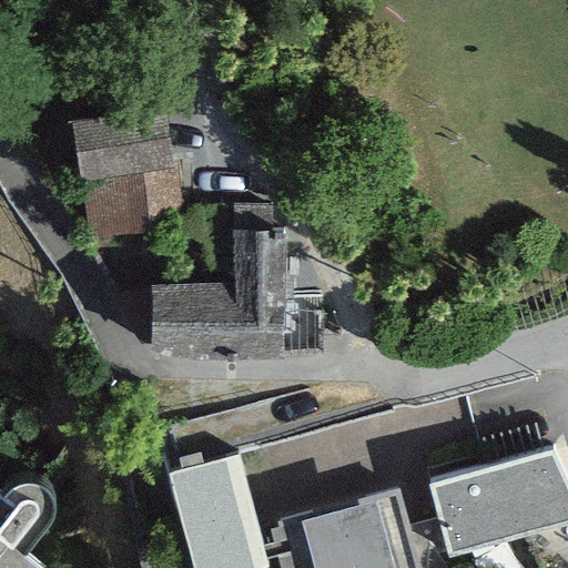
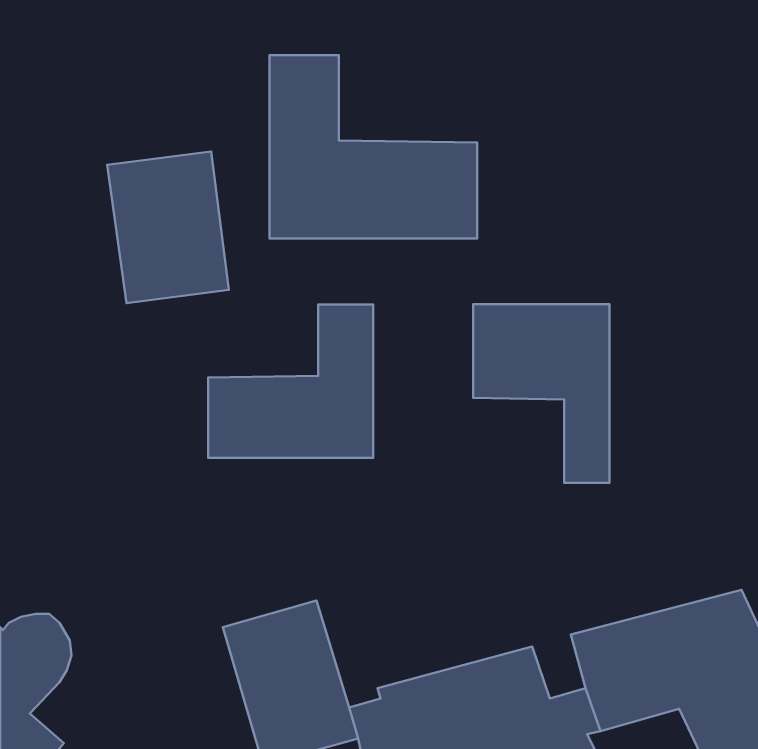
building: none -> [270,55,477,239]
building: none -> [473,304,610,483]

